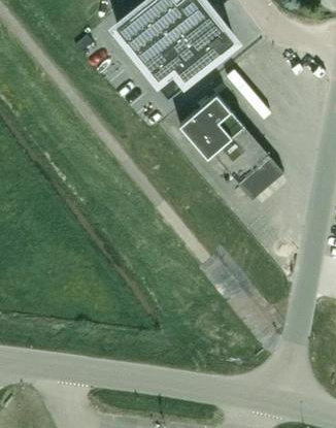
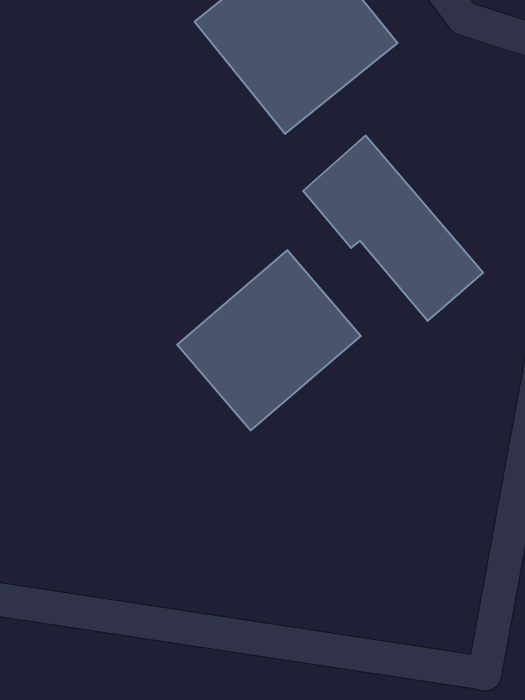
building: none -> [177,250,361,430]

